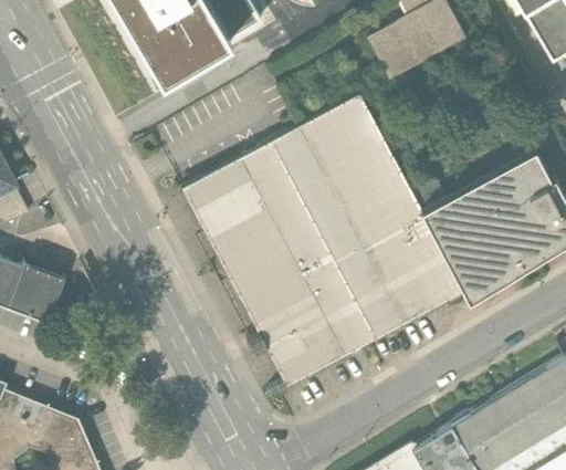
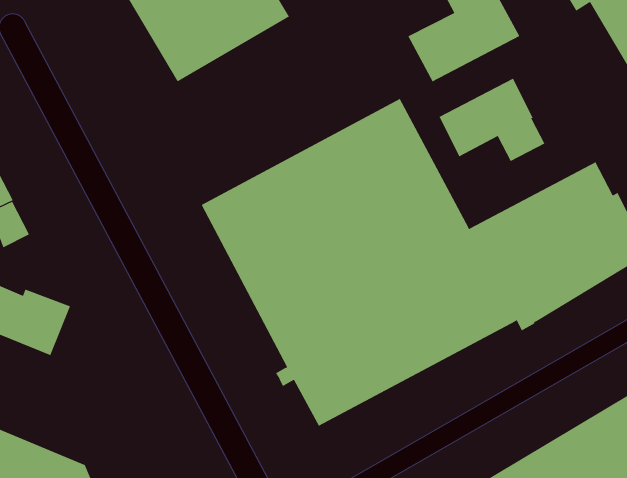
building: none -> [439,78,545,162]

